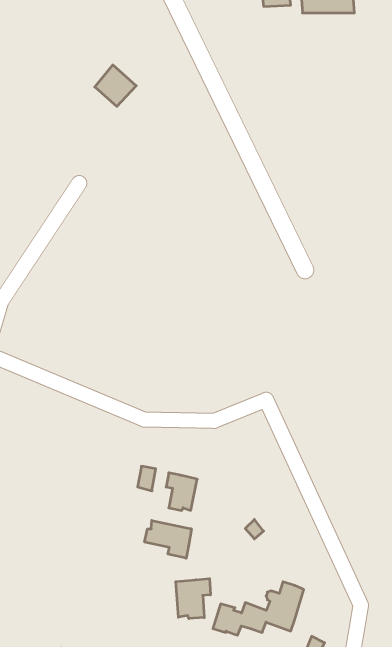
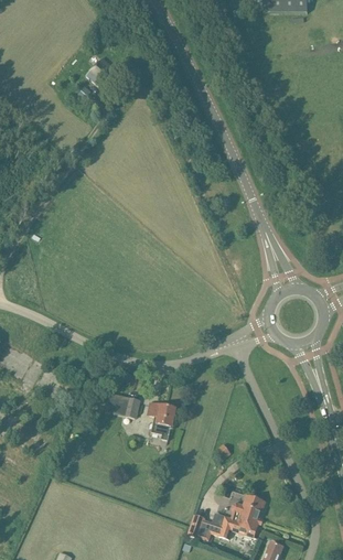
building: [145,520,191,558] -> none
building: [176,579,210,619] -> none

